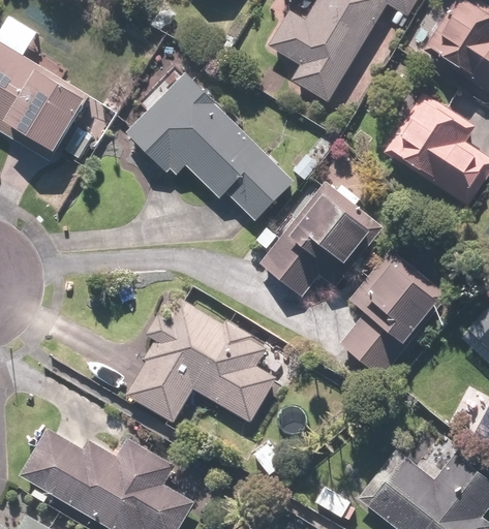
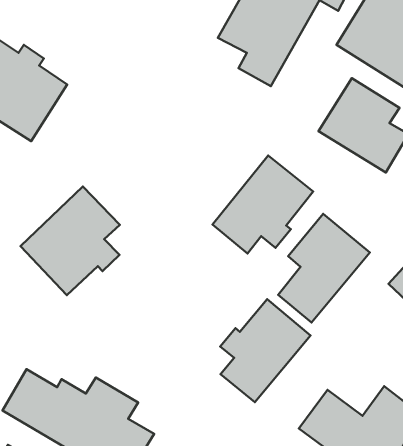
building: [123,73,296,222] -> none
building: none -> [20,187,120,295]
building: [126,289,276,423] -> none
building: none -> [220,299,310,402]

